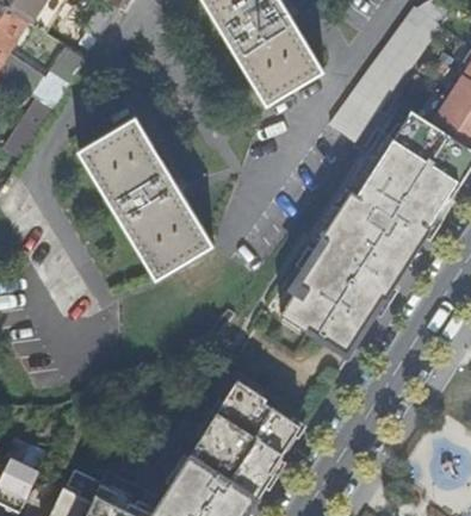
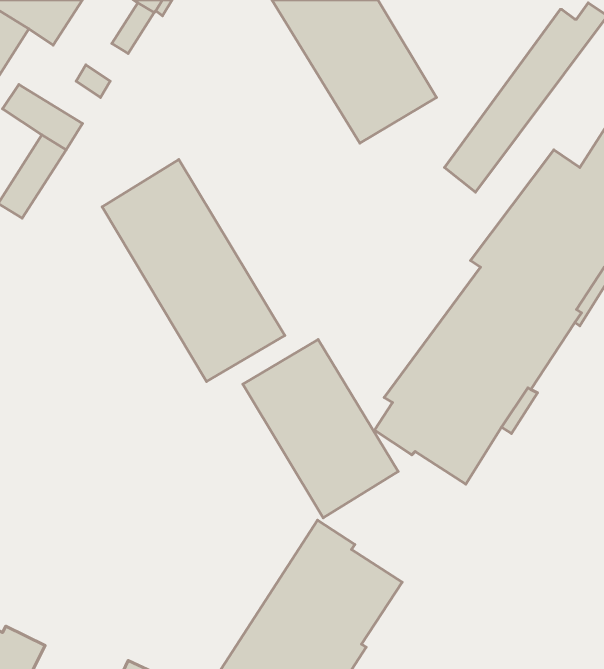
building: none -> [243,340,398,518]

